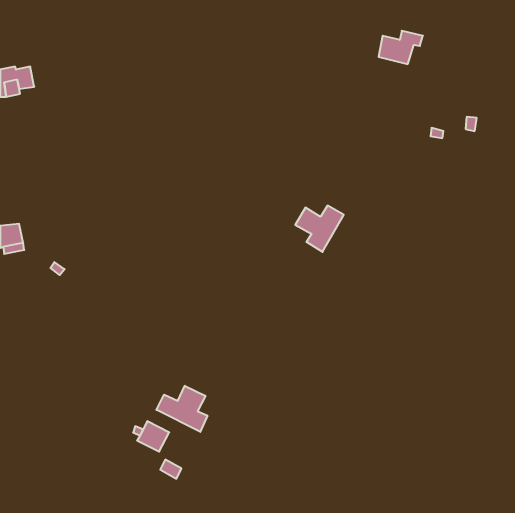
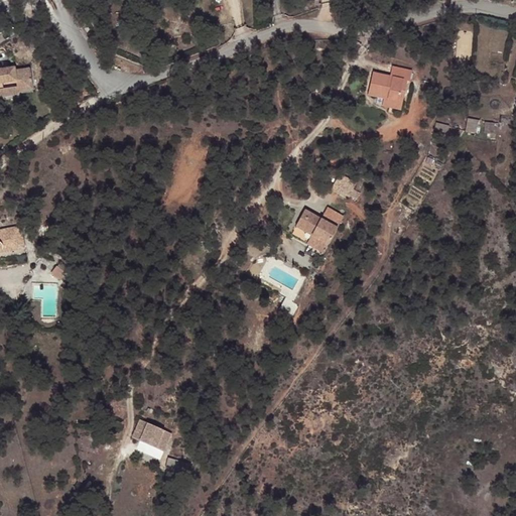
building: [379,31,423,64] -> [366,69,410,102]
building: [156,386,207,432] -> none

